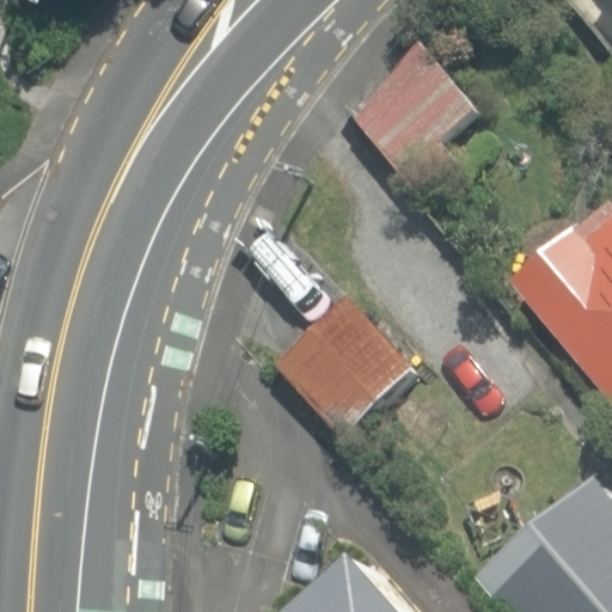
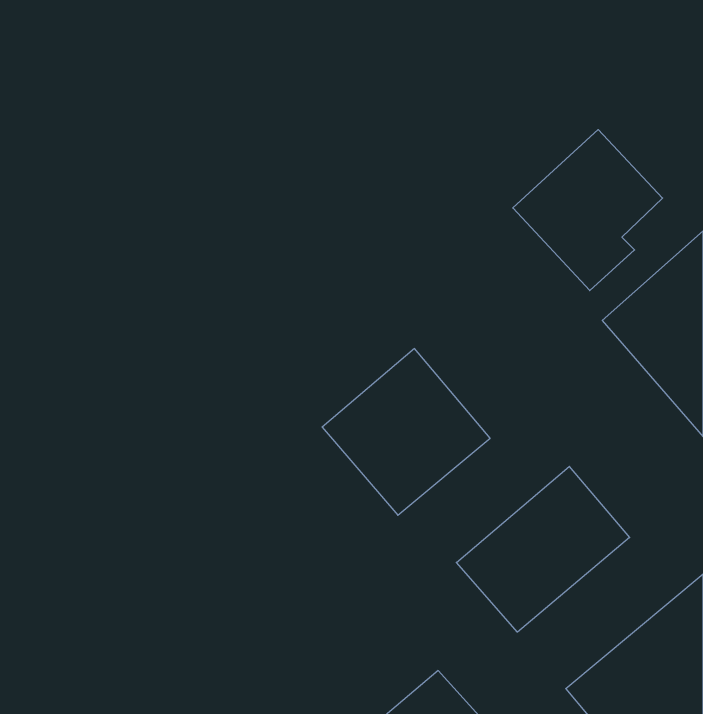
building: [359,32,486,170] -> [513,130,663,291]
building: none -> [456,466,630,632]

